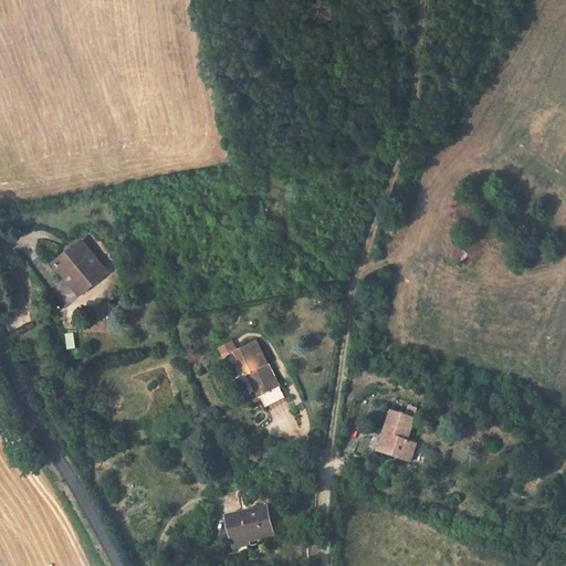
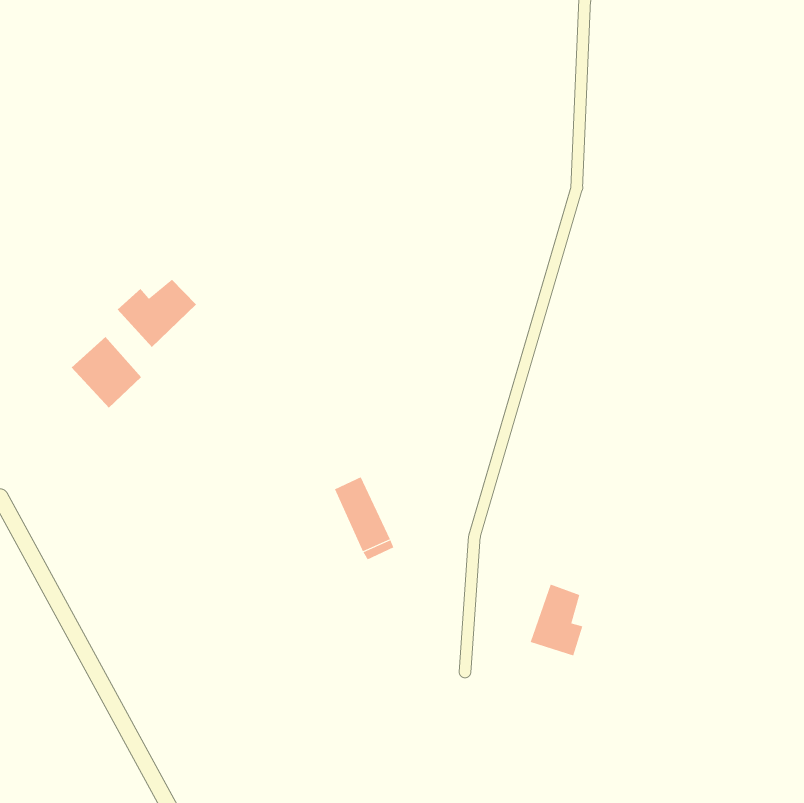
building: none -> [117,279,197,348]
building: [234,509,279,546] -> none

